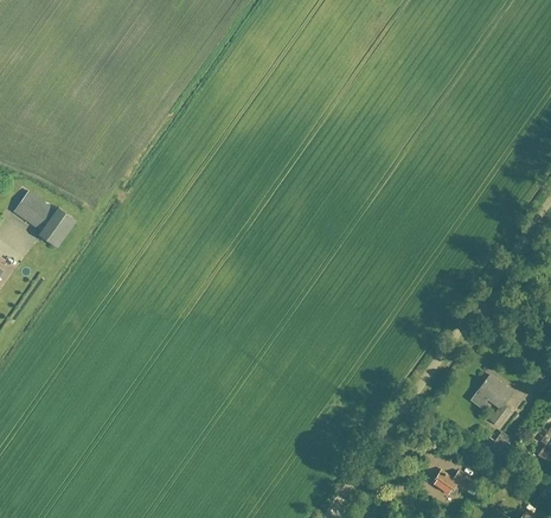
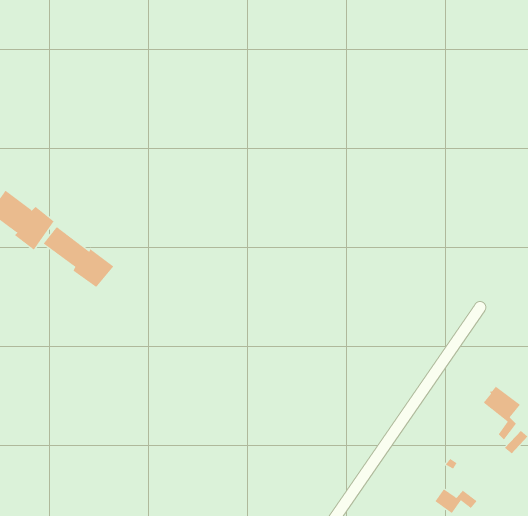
building: none -> [43,226,114,288]

